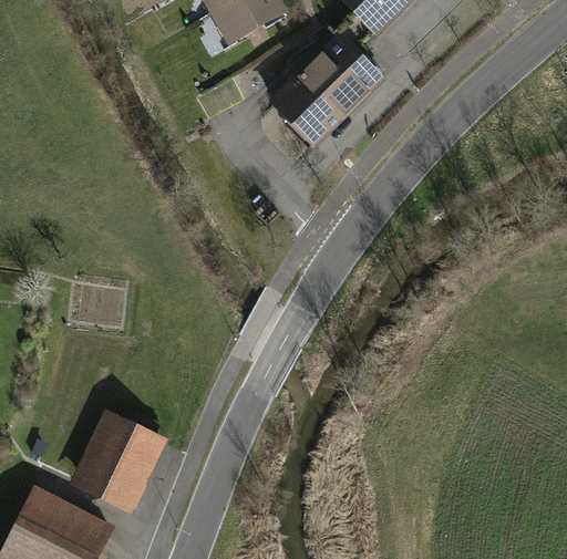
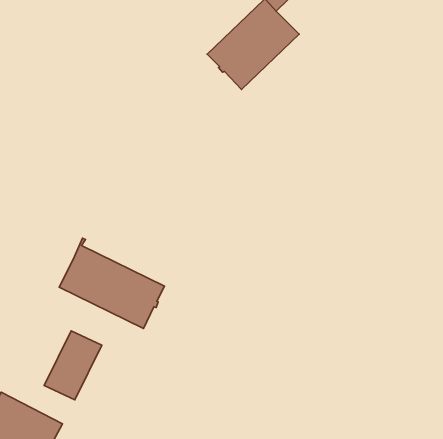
building: none -> [59,238,164,328]

